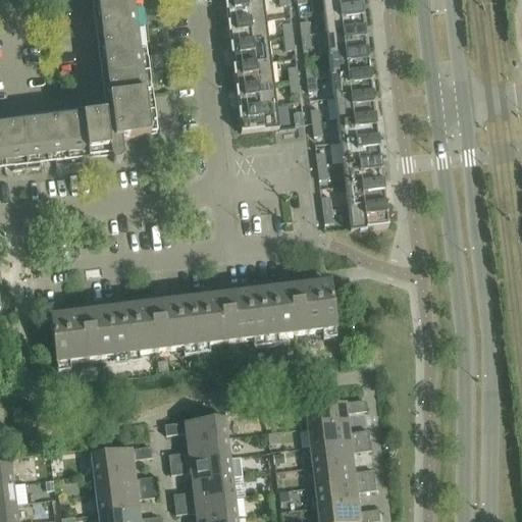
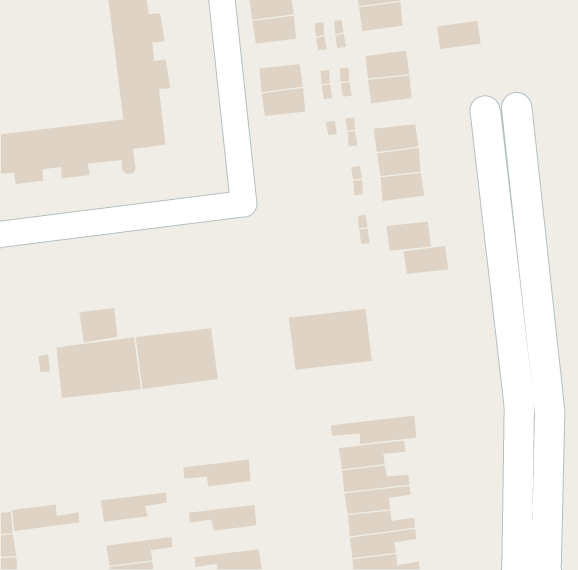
building: [326,23,367,50] -> [436,20,482,50]
building: [230,36,271,61] -> none
building: [334,89,375,115] -> none
building: [239,101,279,128] -> none
building: [345,176,386,203] -> [403,245,449,275]
building: none -> [78,307,119,343]
building: [192,285,266,342] -> none
building: none -> [330,415,417,445]
building: [169,433,230,461] -> none
building: [94,465,156,490] -> [11,504,80,532]
building: [173,473,234,501] -> none

